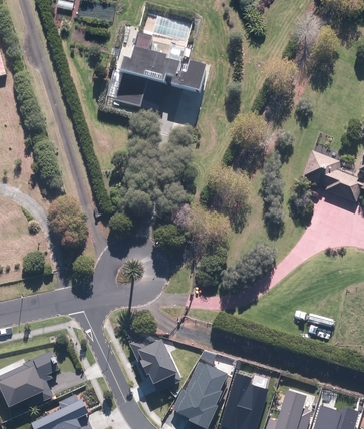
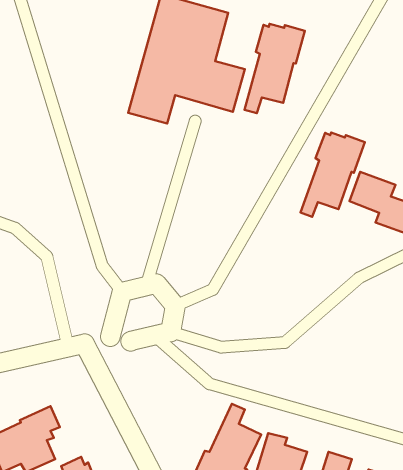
building: none -> [244,24,305,113]
building: none -> [300,133,365,217]
building: [128,336,180,392] -> none

